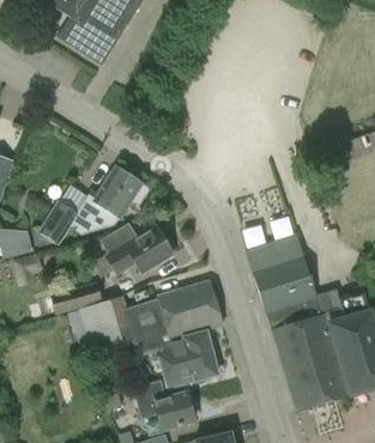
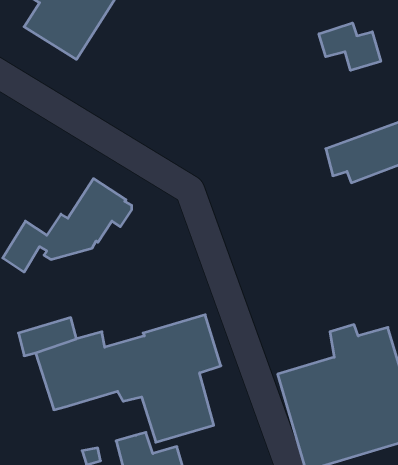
building: none -> [319,23,381,70]
building: [95,225,174,278] -> none
building: [247,235,320,330] -> none

